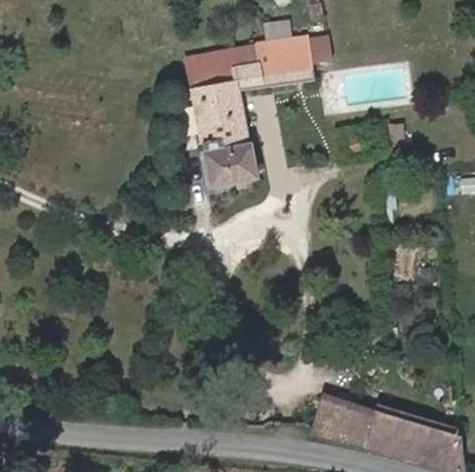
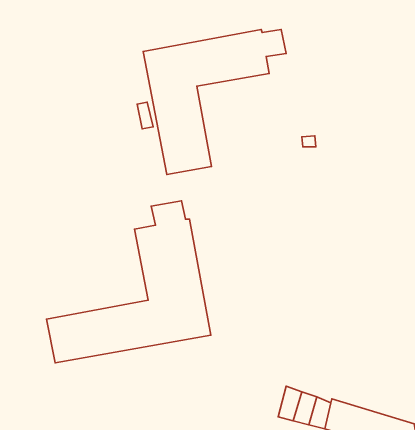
building: none -> [47,201,211,363]

